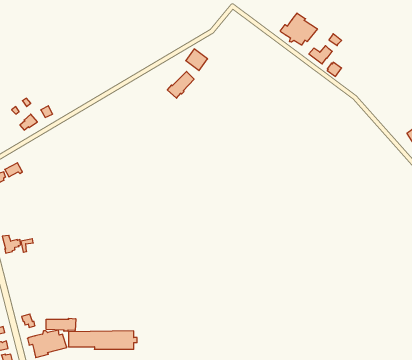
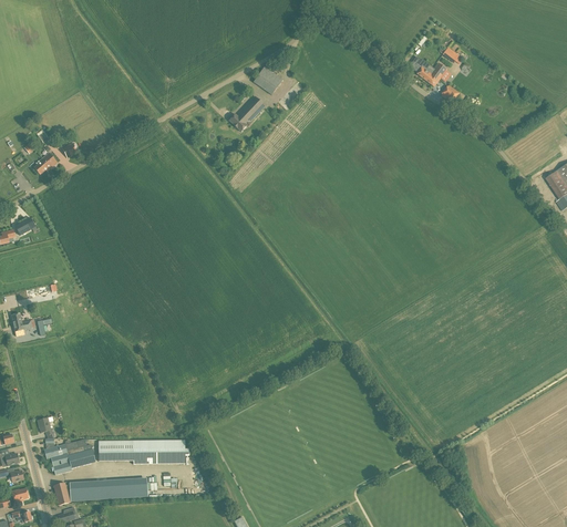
building: [280,13,317,45] -> none
building: [46,318,76,331] -> none

